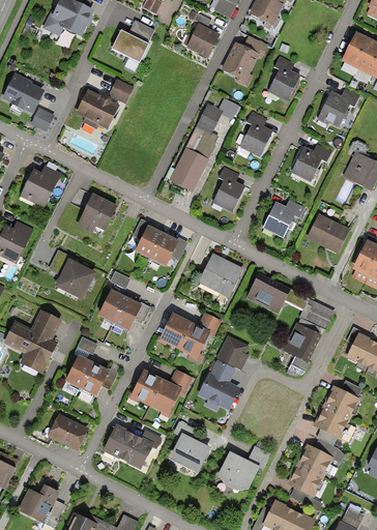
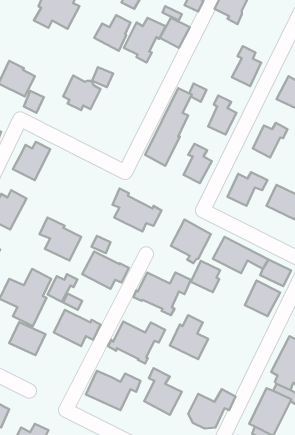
building: [221,35,268,86] -> [124,18,166,63]
building: [77,193,117,232] -> none
building: none -> [48,274,77,302]
building: [216,334,250,370] -> [191,261,220,292]
building: [48,413,89,450] -> [9,322,46,355]

